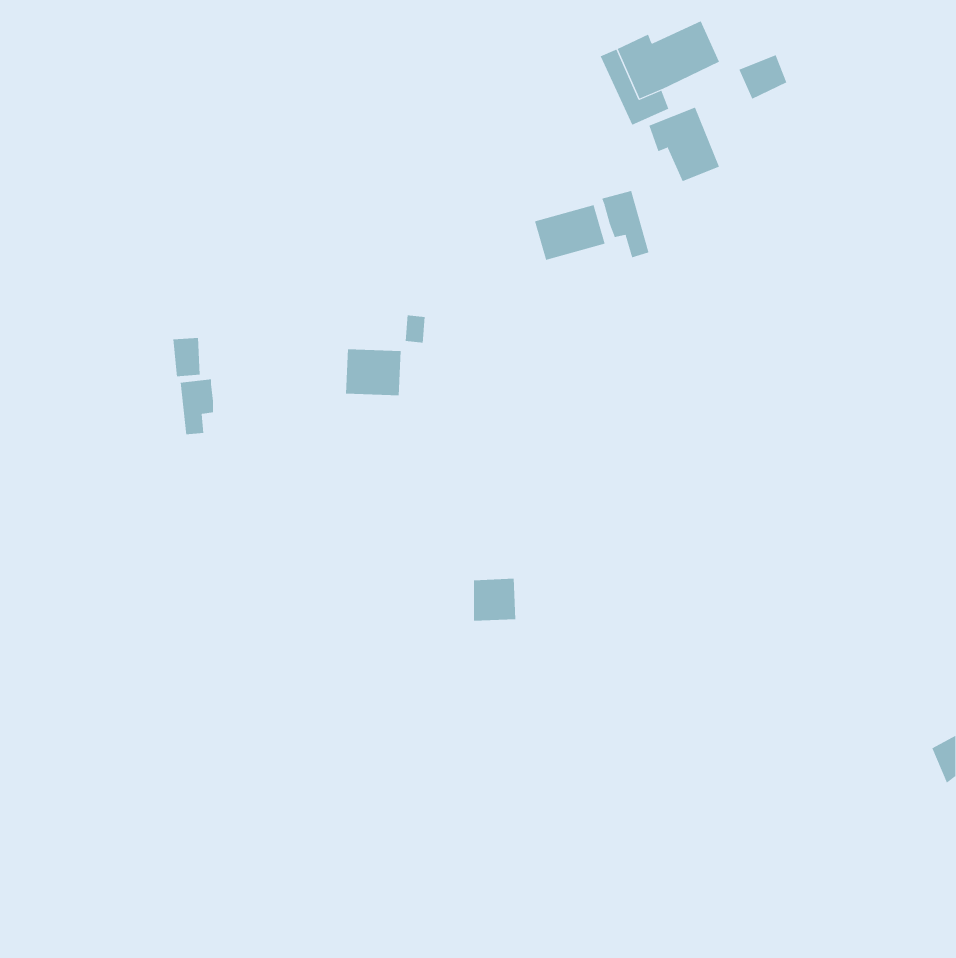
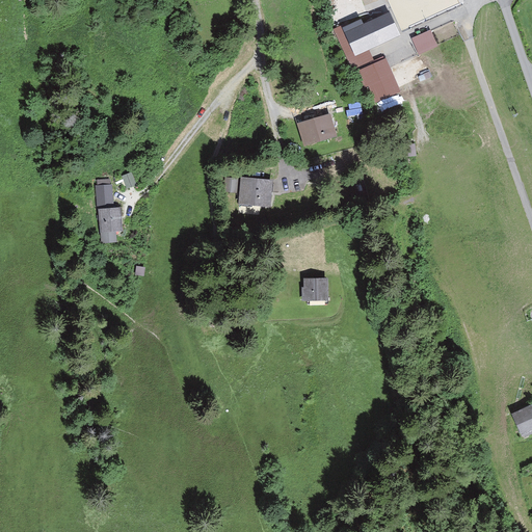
building: [602,190,649,258] -> none
building: [345,349,401,396] -> [240,179,271,205]
building: [473,578,516,621] -> [304,277,328,301]

